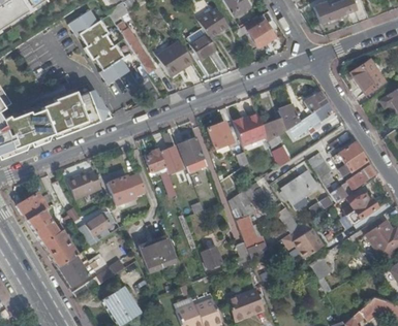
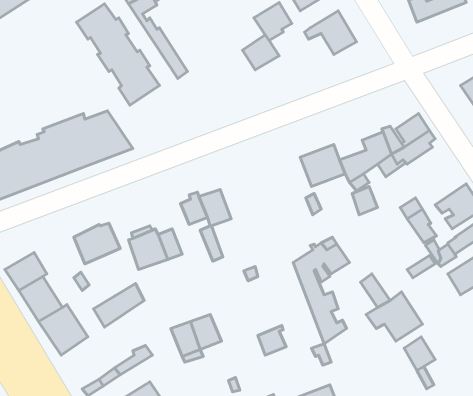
building: [157,41,194,77] -> none
building: [207,121,234,149] -> none
building: [177,136,208,171] -> none
building: [282,170,317,201] -> none
building: [58,252,98,287] -> none

